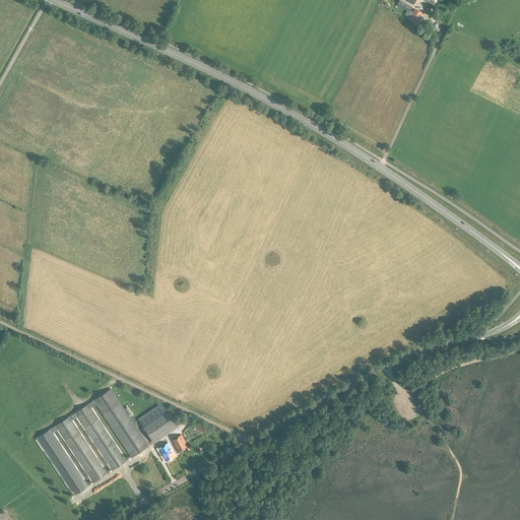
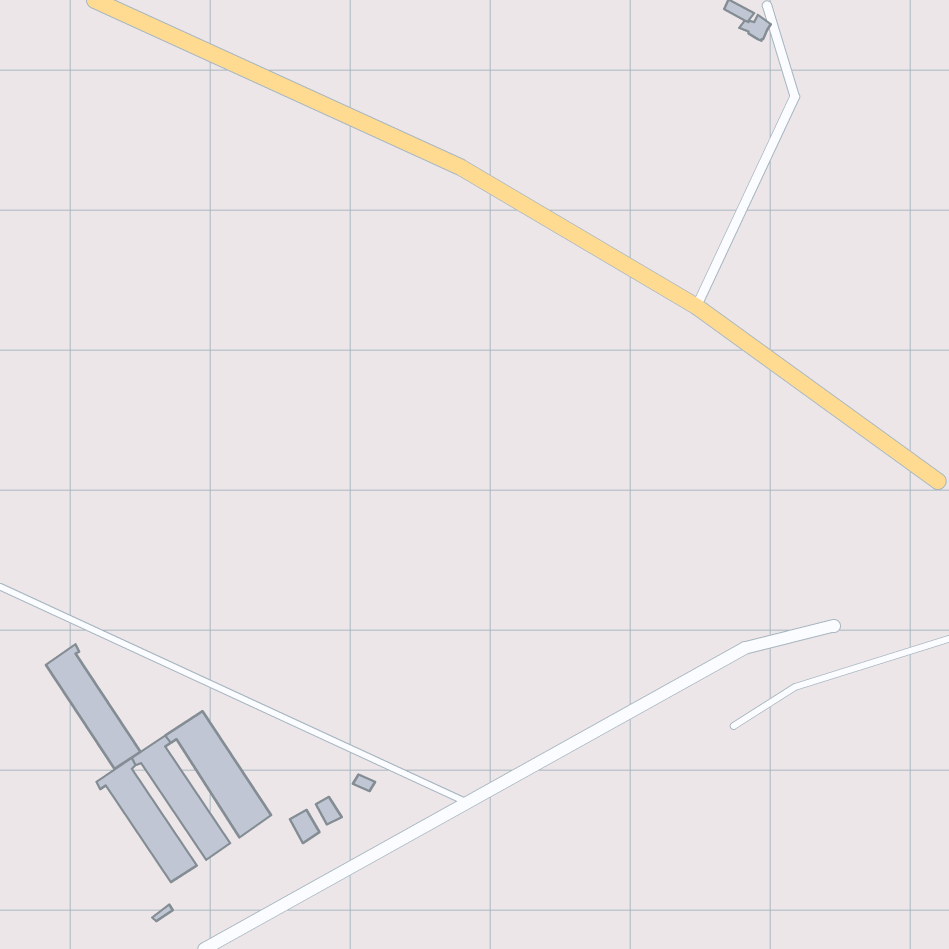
building: [138,404,179,442] -> none
building: [37,428,88,496] -> [46,644,140,769]

